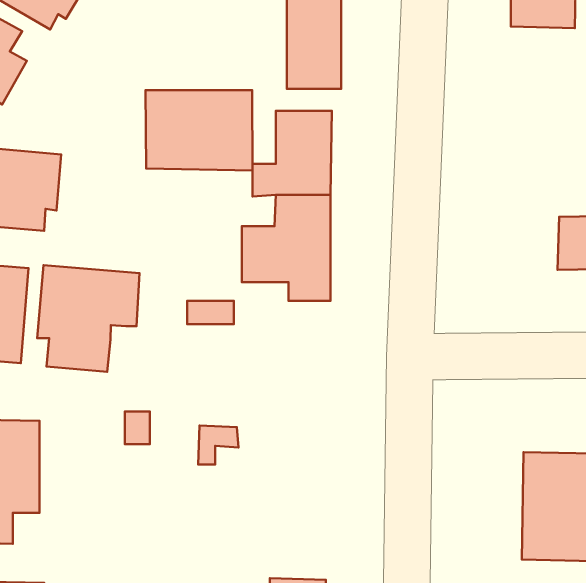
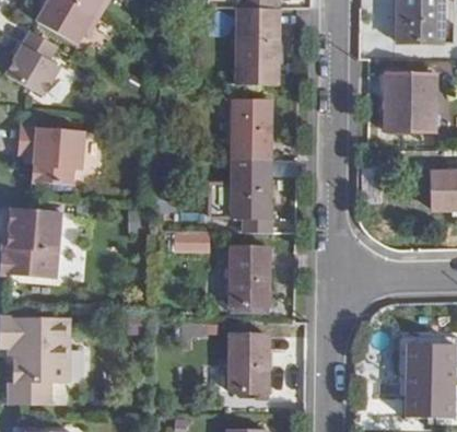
building: none -> [387,74,436,131]
building: [146,90,253,170] -> none
building: [37,265,140,372] -> none
building: none -> [231,246,270,305]
building: none -> [228,332,269,392]

